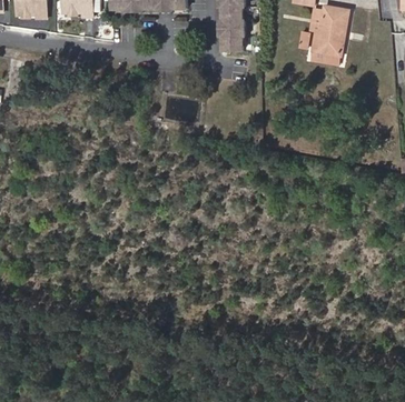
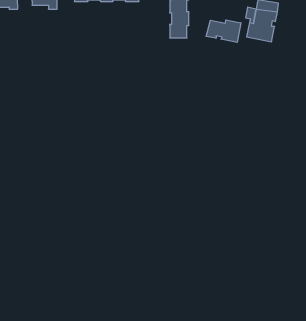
building: none -> [206,20,241,42]

